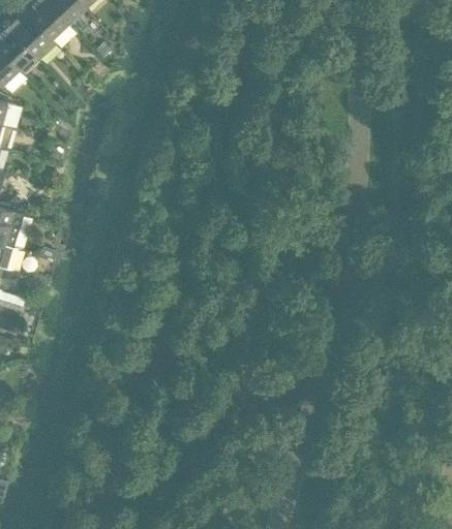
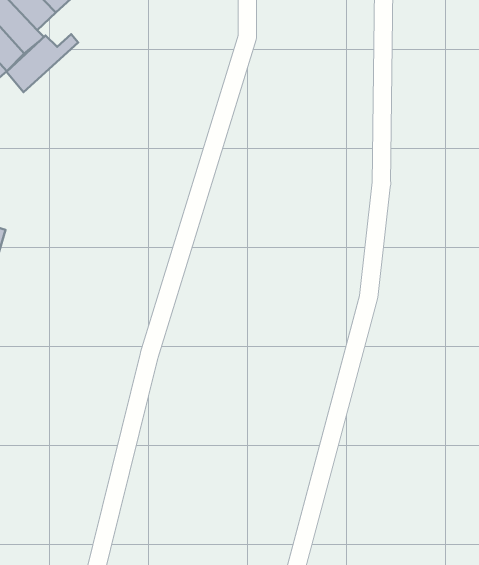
building: none -> [6,34,78,92]

